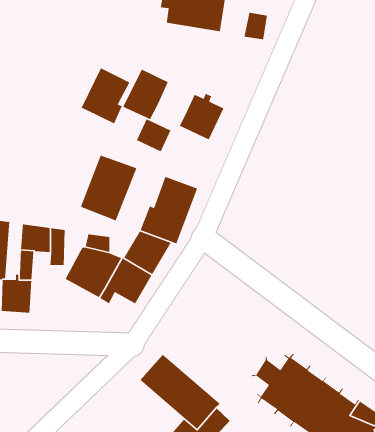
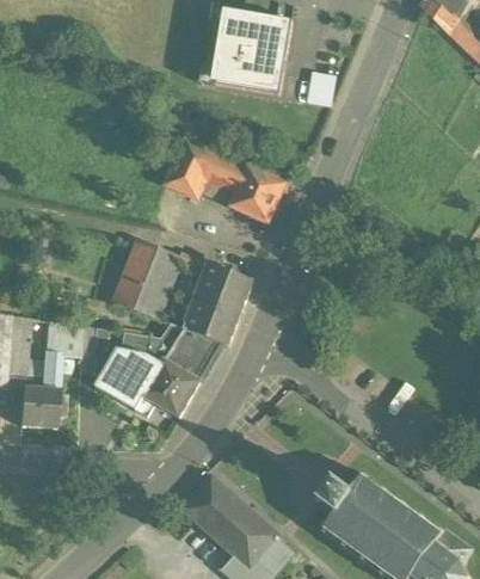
building: [80,67,130,124] -> none
building: [136,118,171,153] -> [205,153,247,193]
building: none -> [148,322,183,361]

